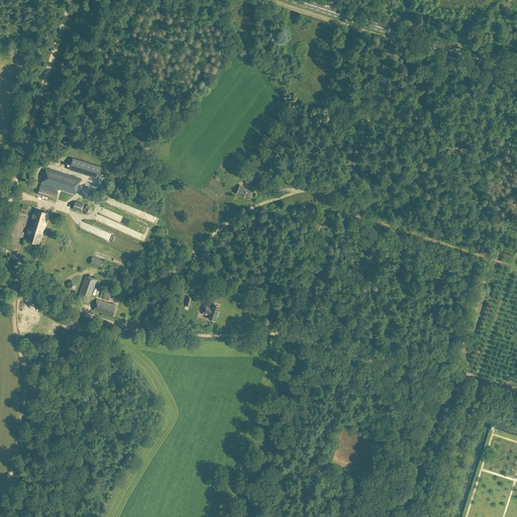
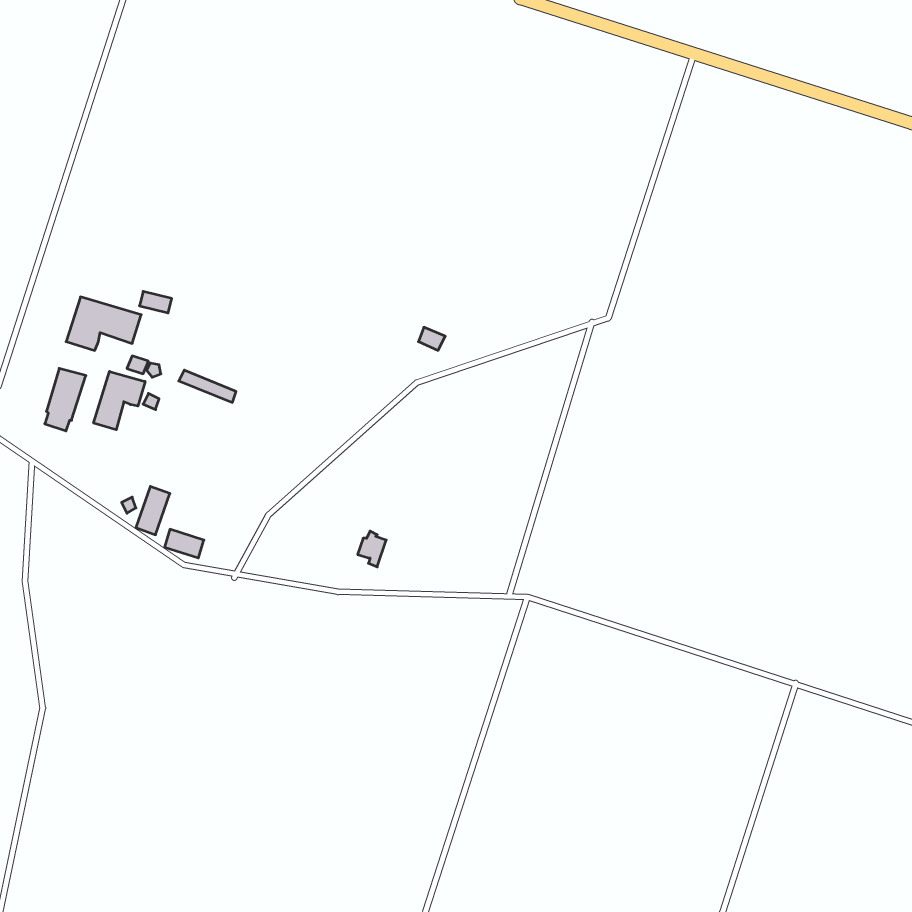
building: none -> [94,371,145,430]

